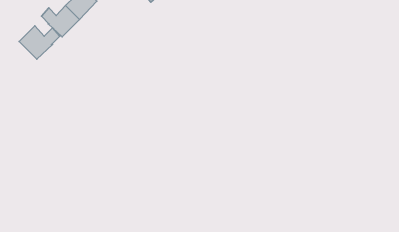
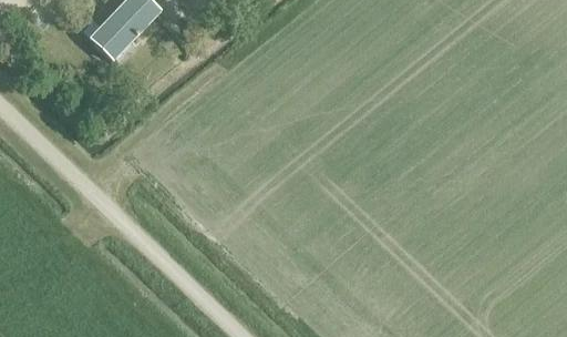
building: [19,26,60,59] -> none

